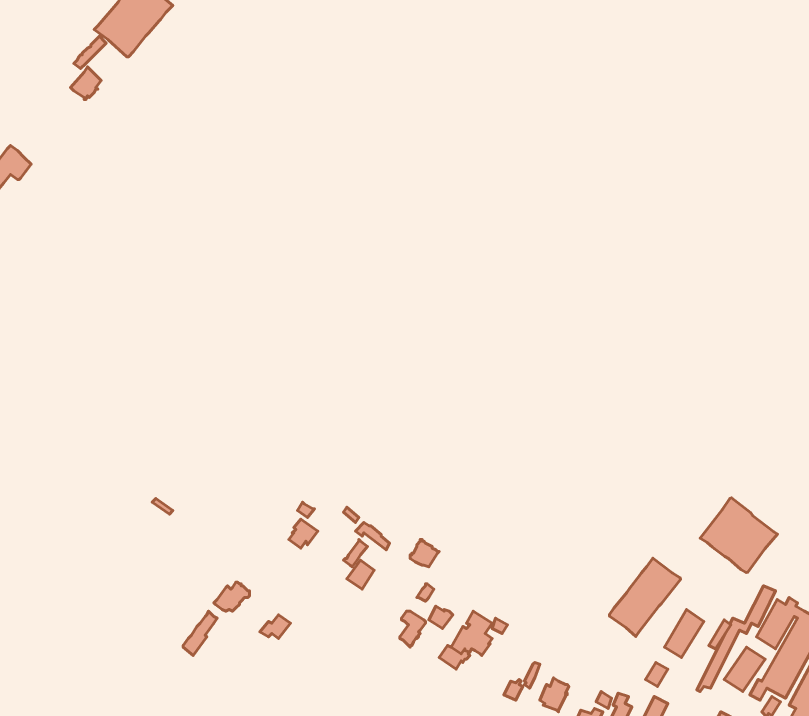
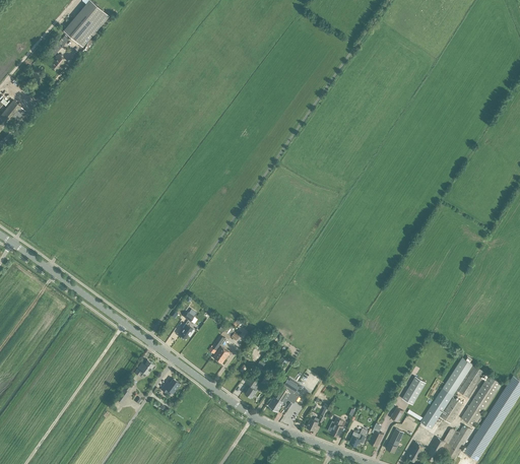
building: [700,498,777,573] -> none
building: [609,558,680,637] -> none

